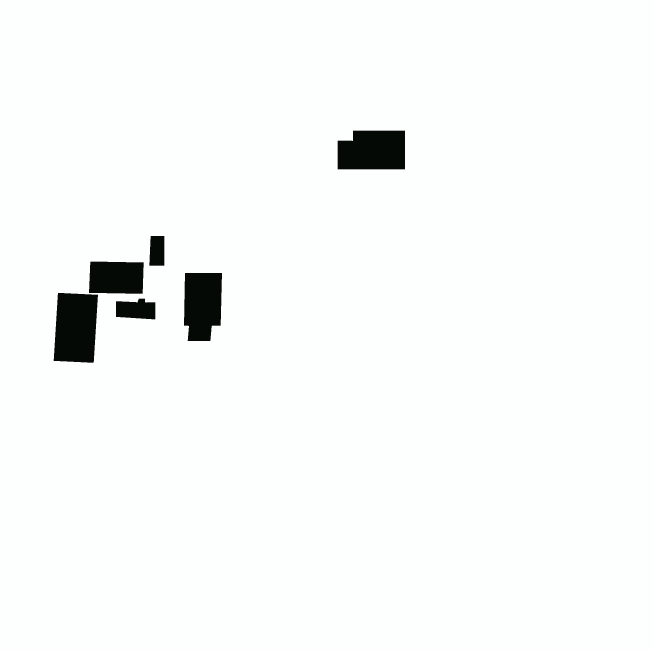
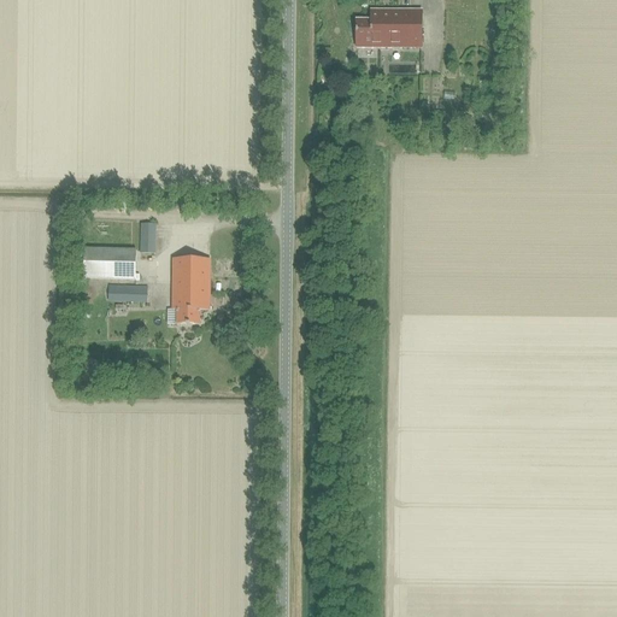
building: [337,130,406,170] -> [357,8,422,46]
building: [53,292,98,363] -> none

